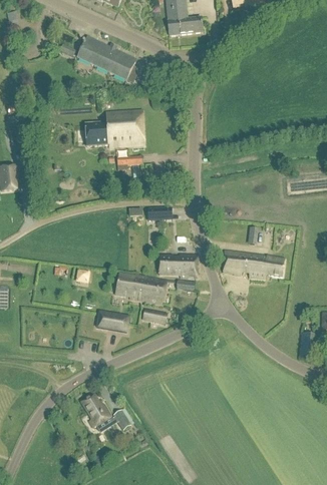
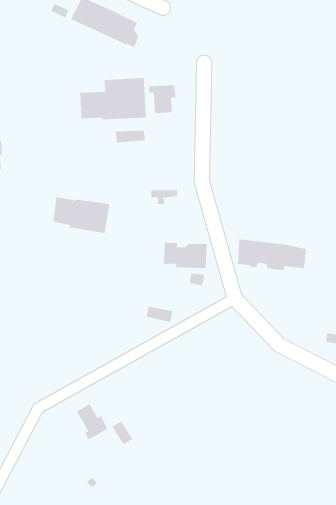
building: none -> [149,84,176,114]
building: [114,272,165,304] -> [53,197,110,233]
building: [96,311,128,331] -> none

